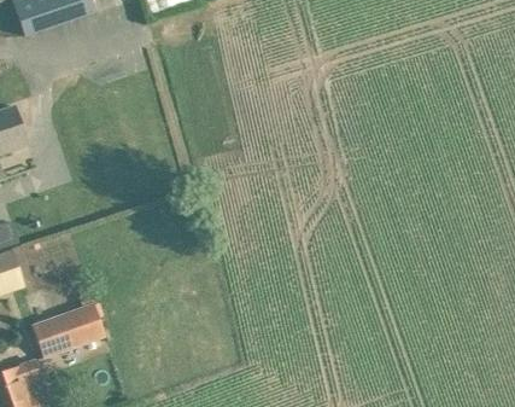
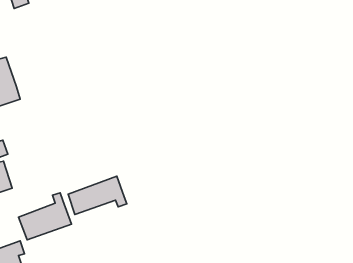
building: none -> [68,176,127,214]

